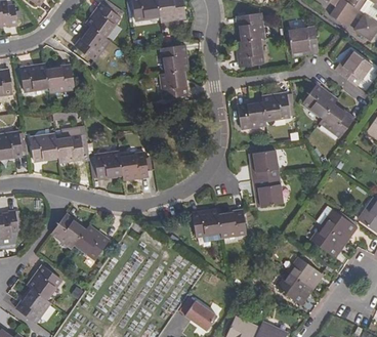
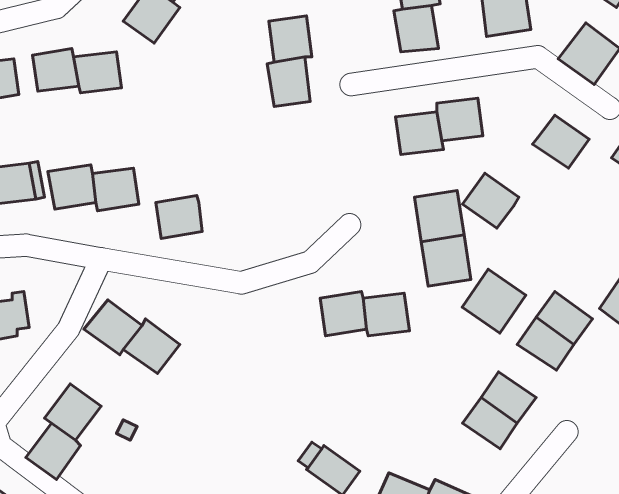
building: [302,84,336,117] -> [462,173,519,228]
building: [120,153,149,178] -> none
building: none -> [462,269,526,333]

